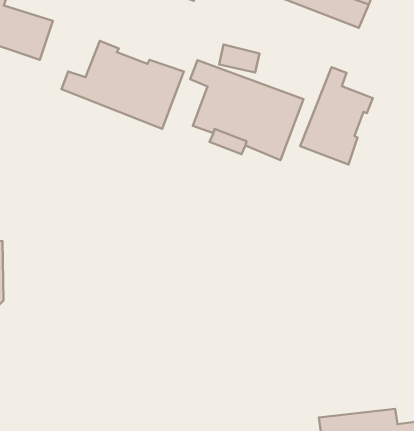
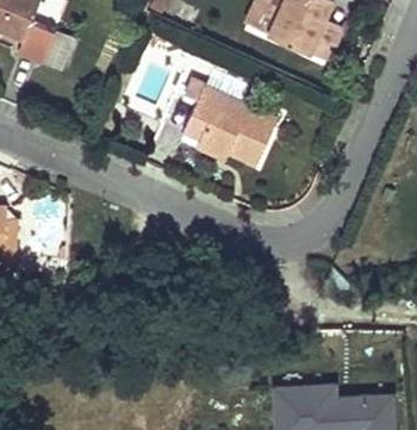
building: [62,41,184,129] -> none
building: [300,67,373,164] -> none

